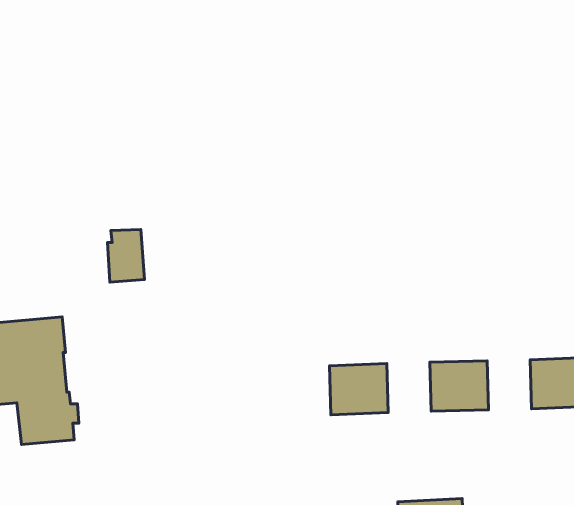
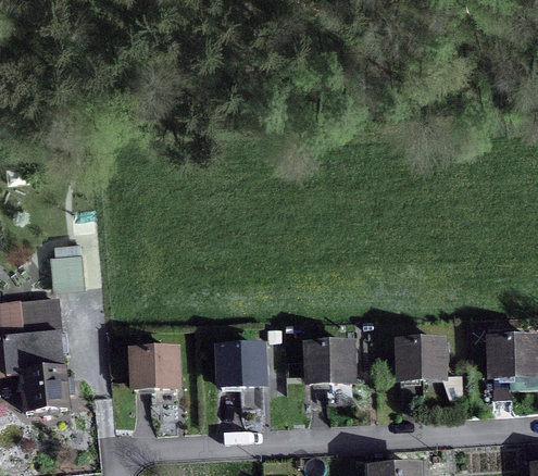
building: [107,229,144,282] -> [51,240,85,288]
building: none -> [214,341,267,389]
building: none -> [128,345,182,392]

